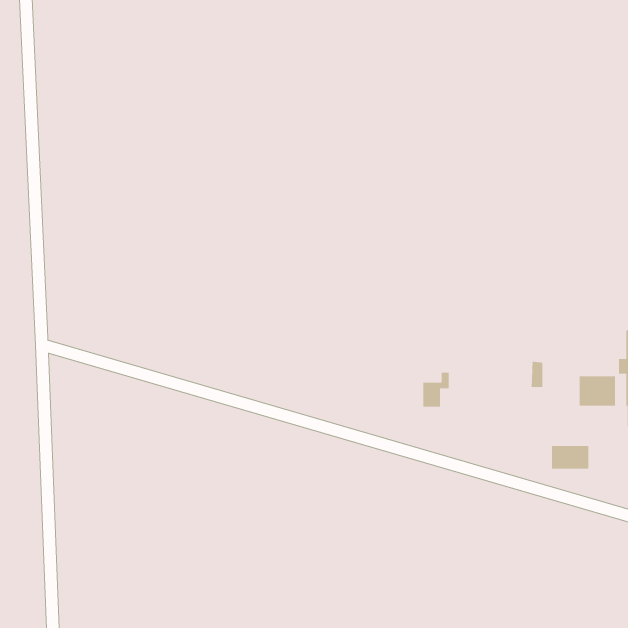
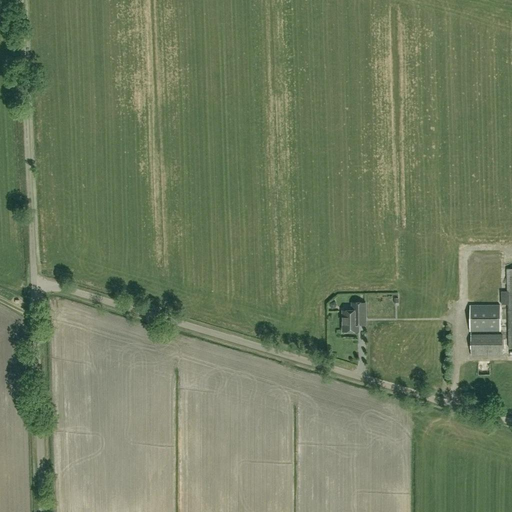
building: [551,445,589,470] -> [472,334,503,354]

